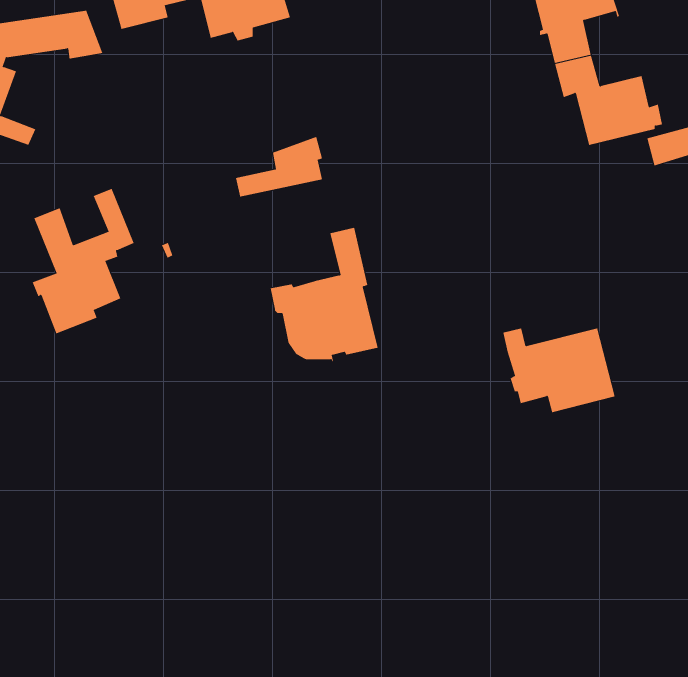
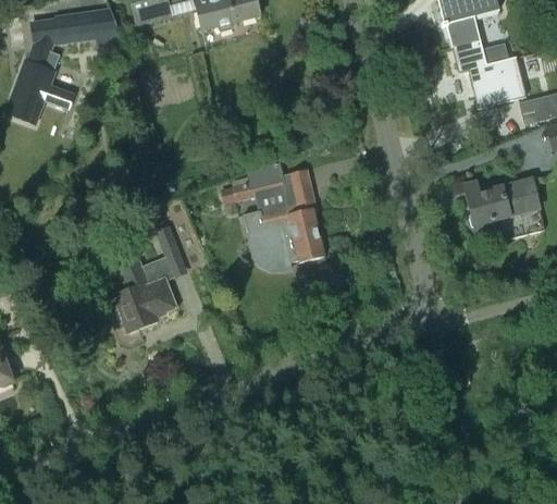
building: [235,136,323,197] -> [221,156,285,200]
building: [32,188,135,334] -> [112,229,187,335]
building: [502,328,616,413] -> [462,177,545,239]

